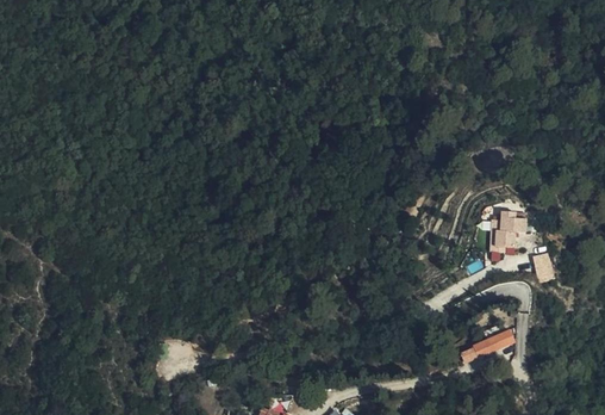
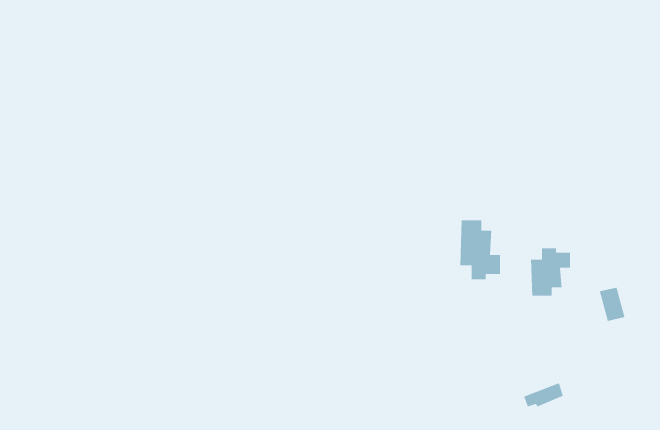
building: none -> [460,220,501,280]

